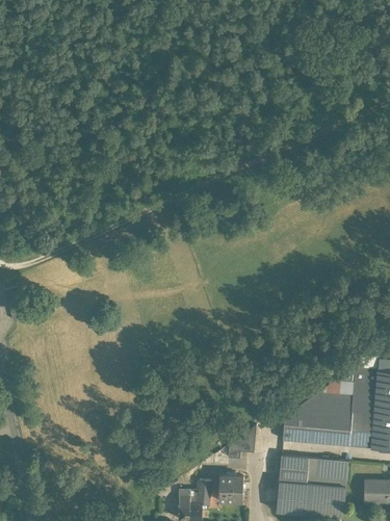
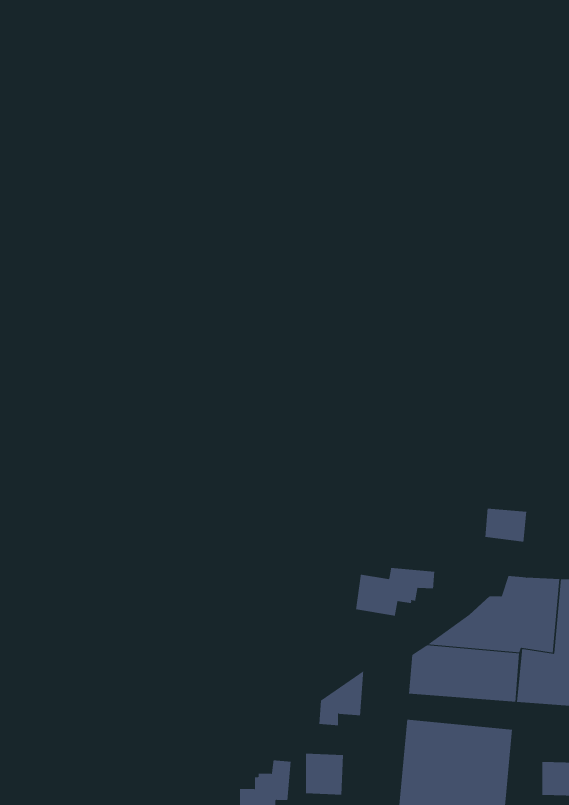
building: none -> [485,508,527,542]
building: none -> [355,567,435,616]

